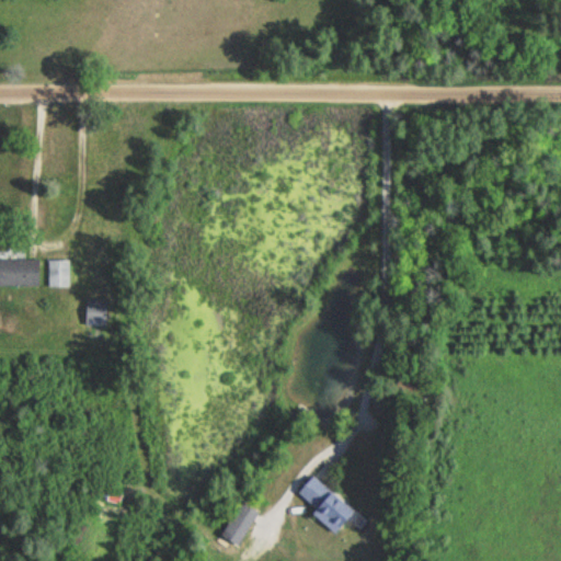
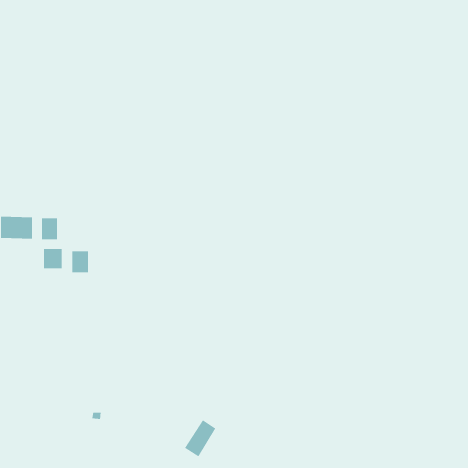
building: none -> [44,248,62,269]
building: [298,476,348,533] -> none

